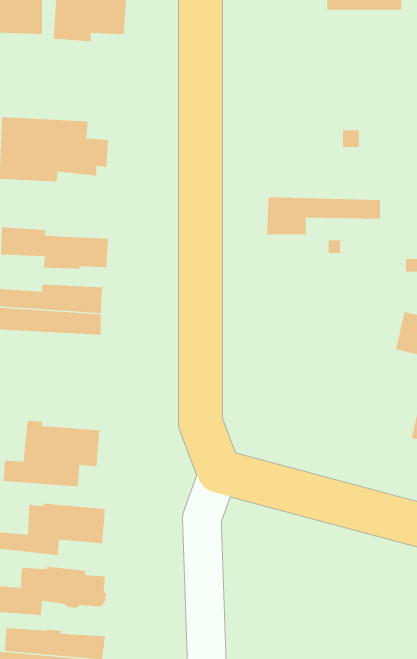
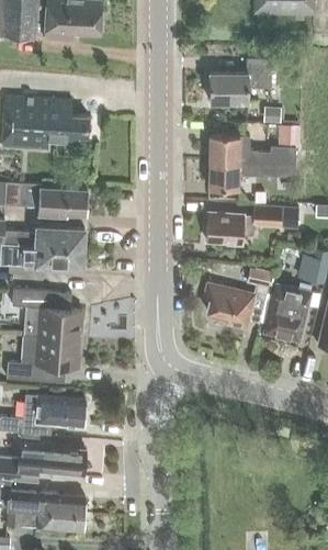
building: none -> [210,58,271,102]
building: none -> [210,135,296,161]
building: none -> [205,205,299,247]
building: none -> [205,267,273,327]
building: none -> [265,287,309,340]
building: none -> [12,289,83,338]

